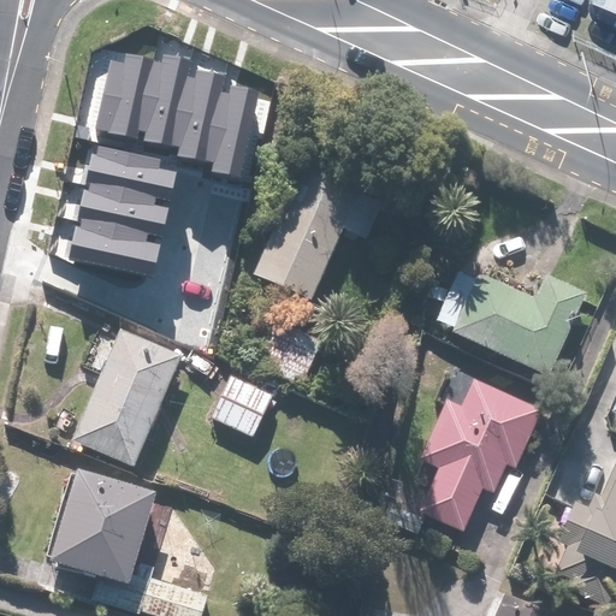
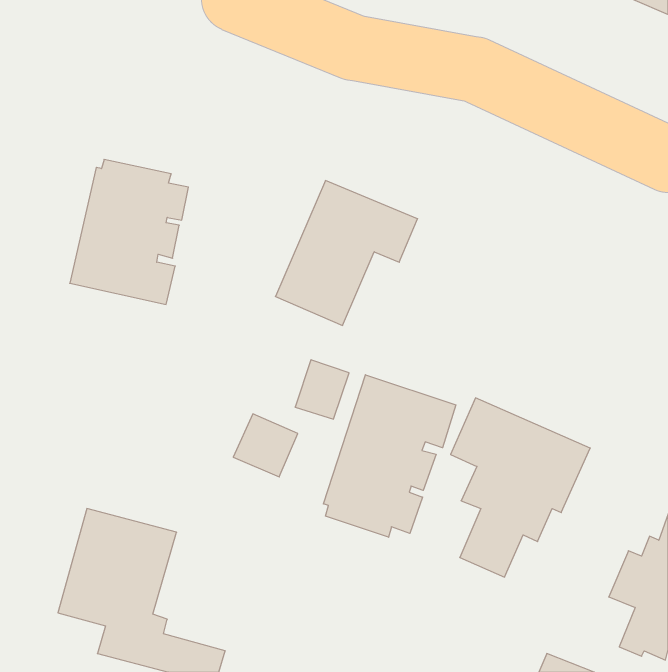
building: [95,53,256,178] -> none
building: [430,261,586,373] -> none
building: [71,331,182,463] -> none
building: none -> [323,375,456,537]

